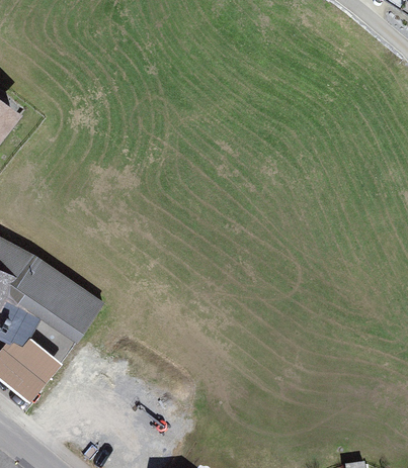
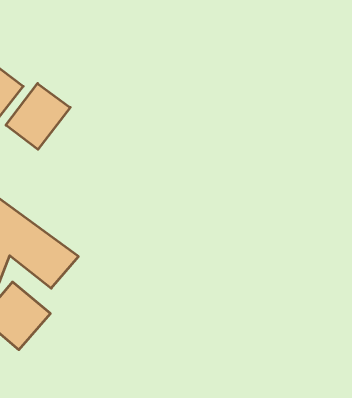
building: none -> [6,83,70,149]

